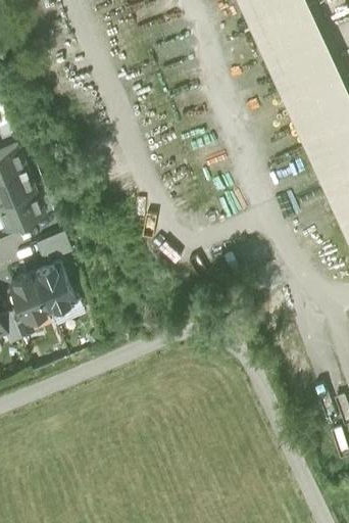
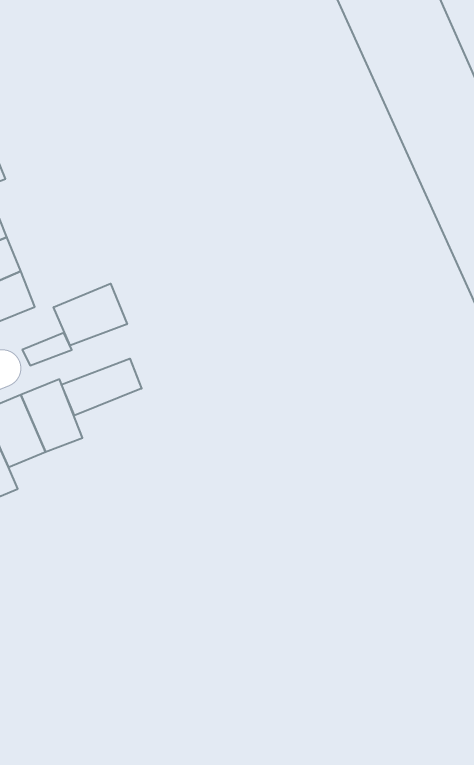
building: none -> [54,284,127,345]
building: none -> [61,359,142,415]

